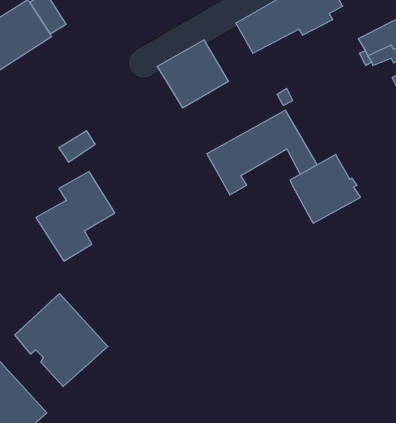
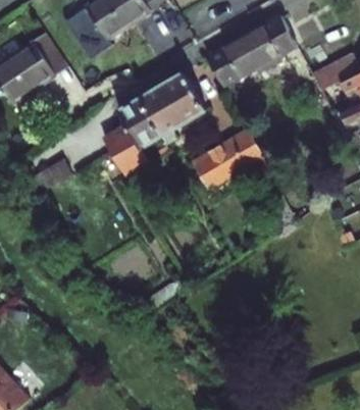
building: [290,154,360,223] -> none
building: [36,172,115,261] -> [90,99,156,174]
building: [15,294,108,387] -> none

